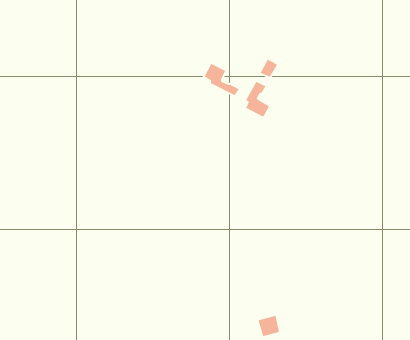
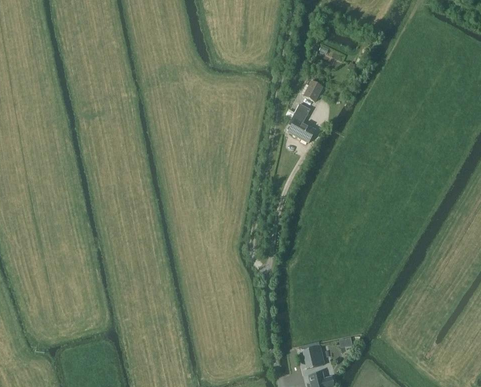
building: [203,63,240,96] -> none

